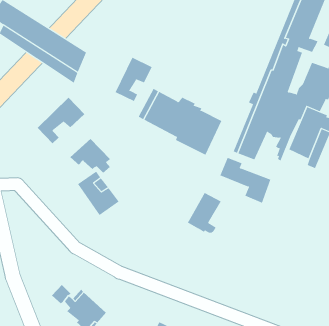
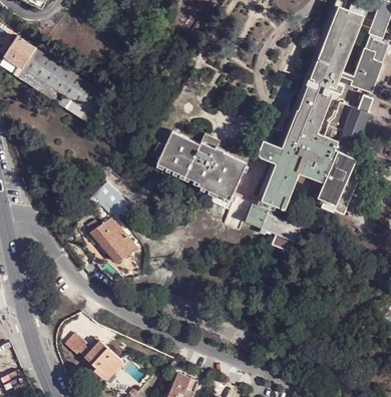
building: [115,57,152,102] -> none
building: [37,97,85,144] -> none
building: [187,192,222,234] -> none

